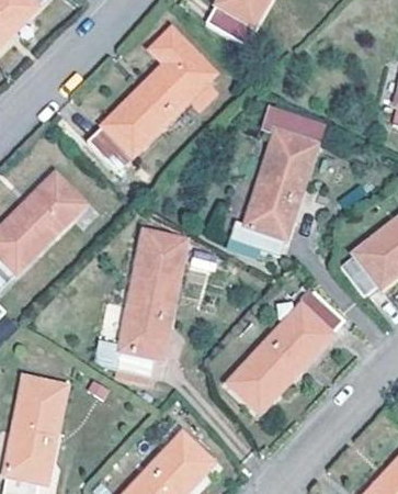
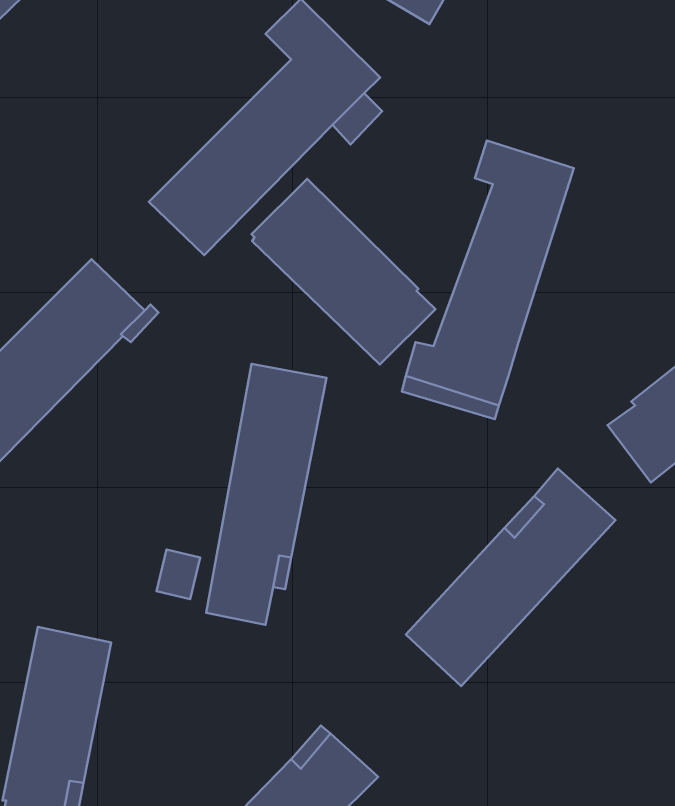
building: none -> [251,179,435,365]

